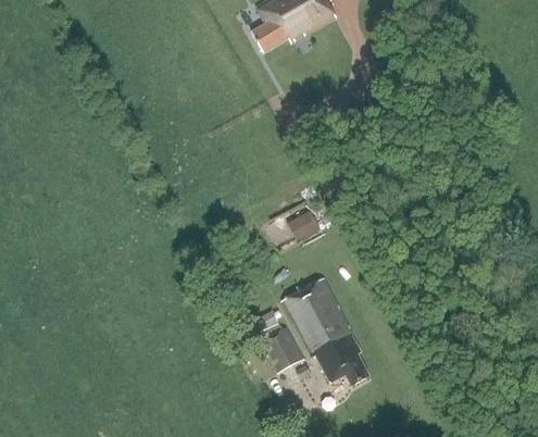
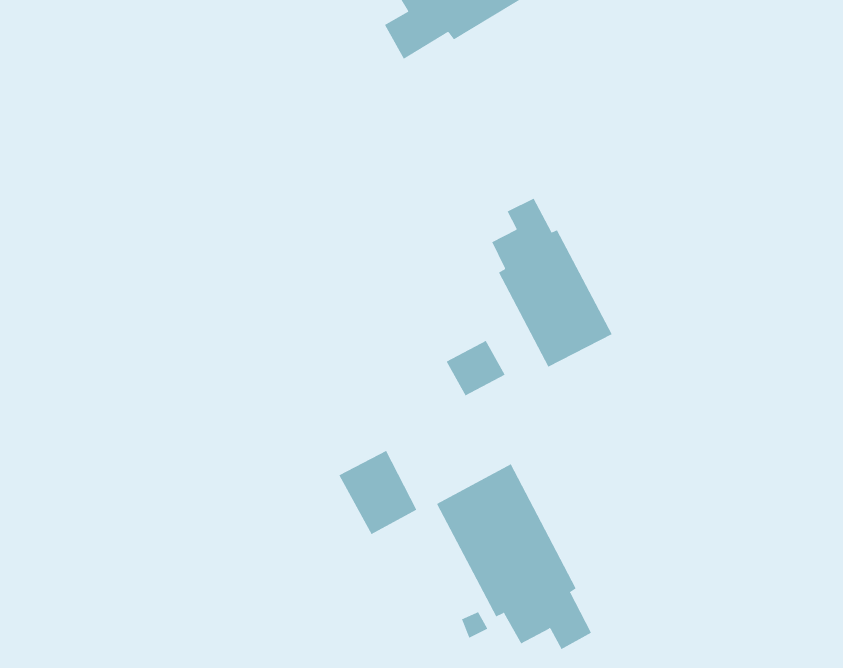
building: none -> [491,198,612,367]
building: [259,324,303,372] -> [338,450,417,535]

